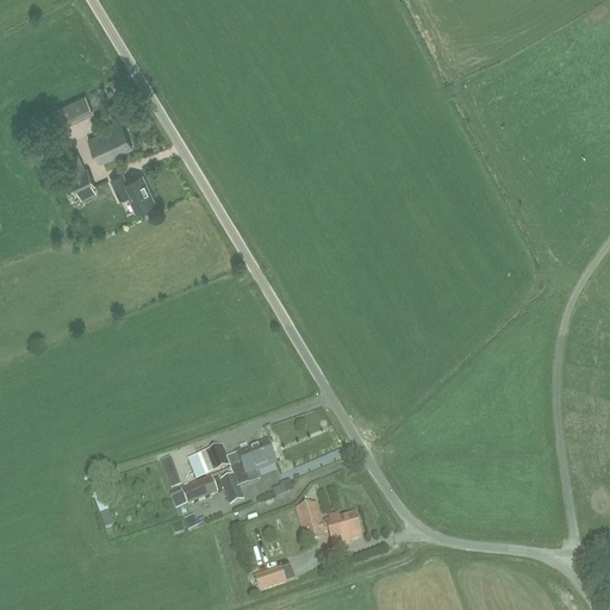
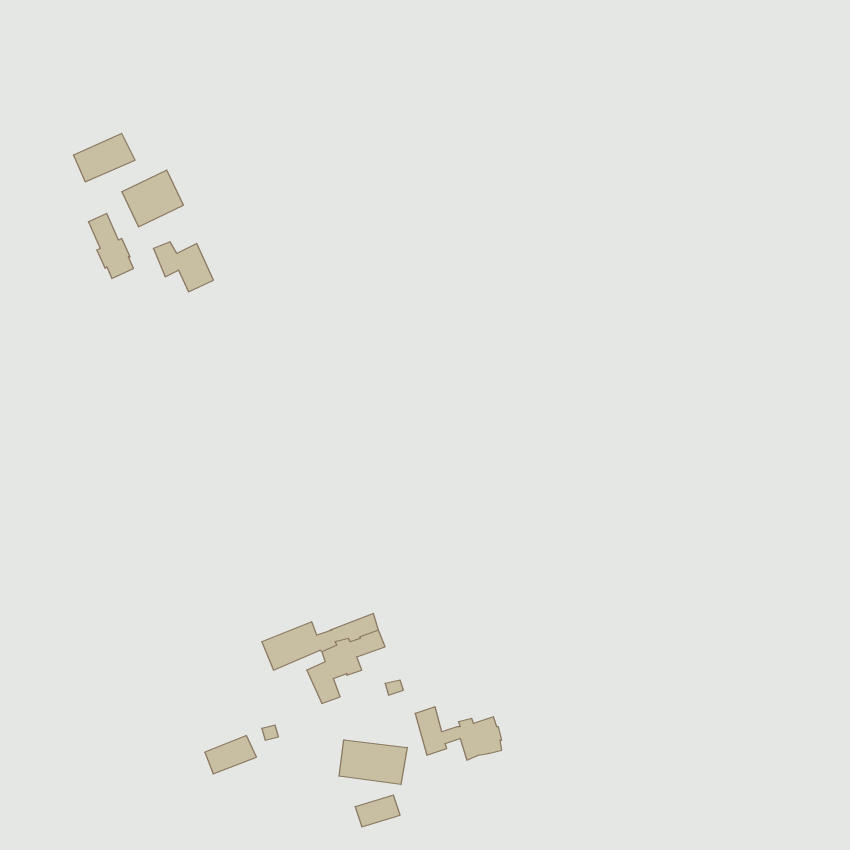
building: [180,477,217,504] -> [205,736,256,774]
building: none -> [339,740,407,785]

